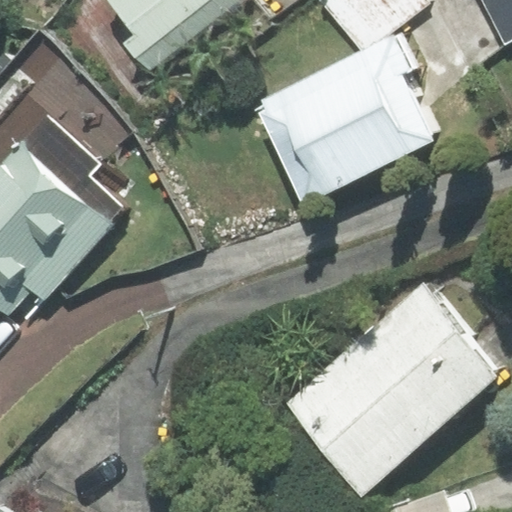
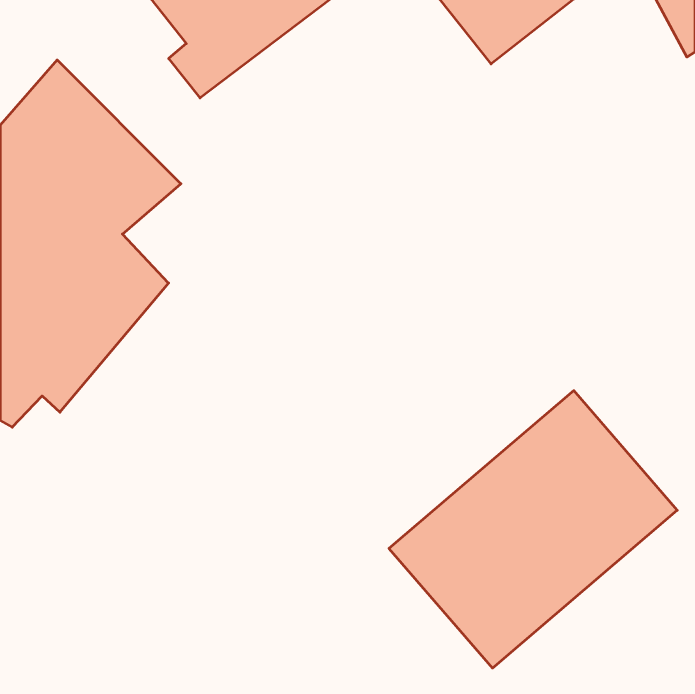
building: [254,33,434,204] -> none

